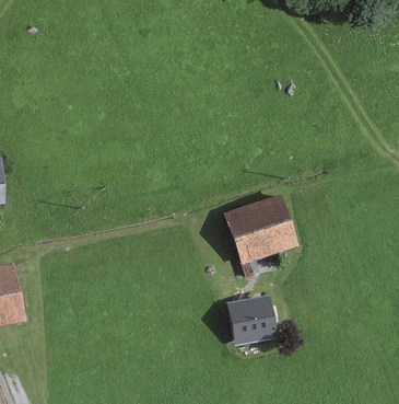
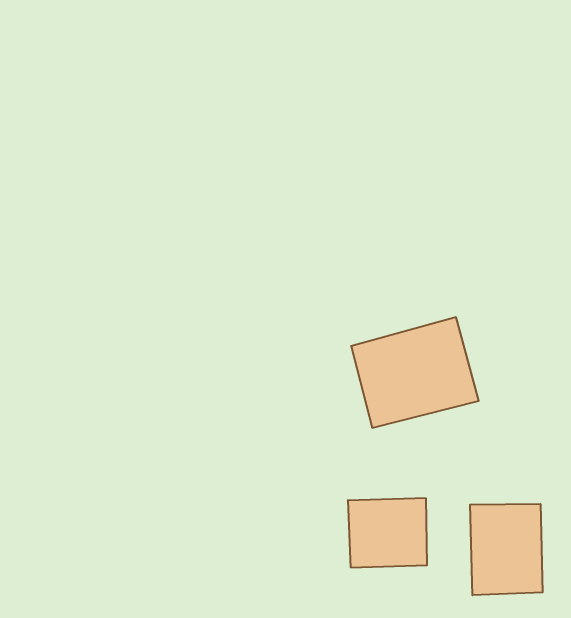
building: none -> [470,504,543,595]

